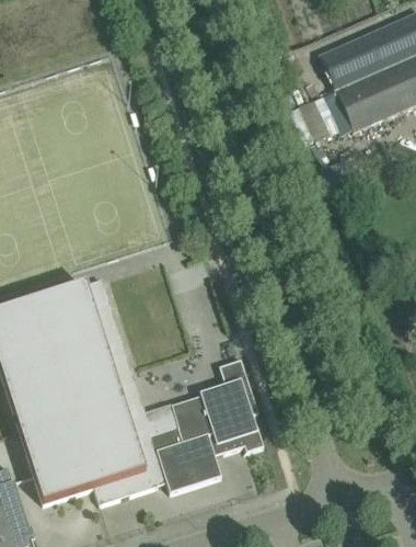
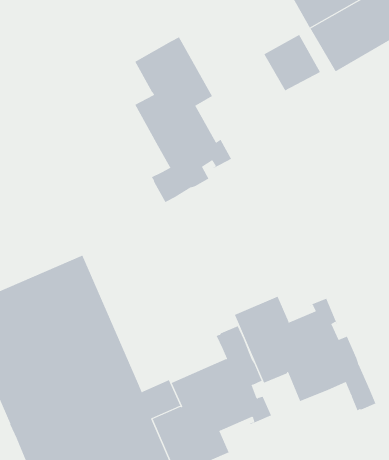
building: none -> [135,36,232,203]
building: none -> [234,296,376,411]

